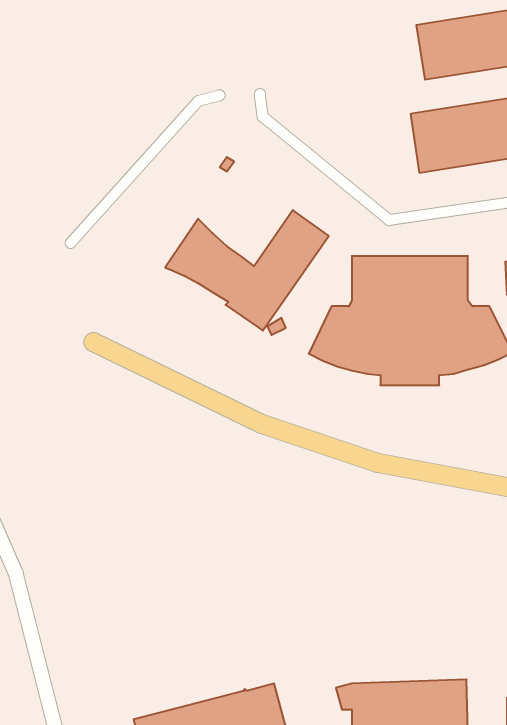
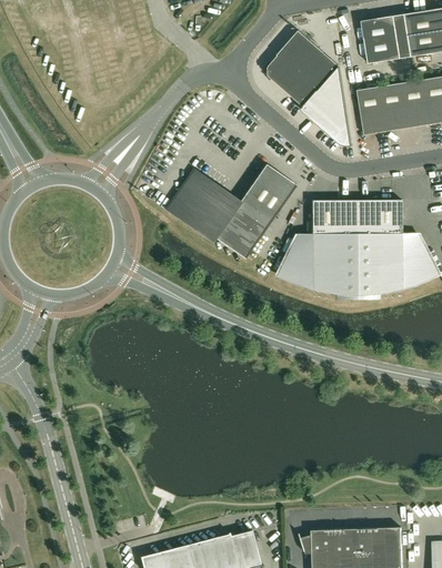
building: none -> [268,31,351,146]

